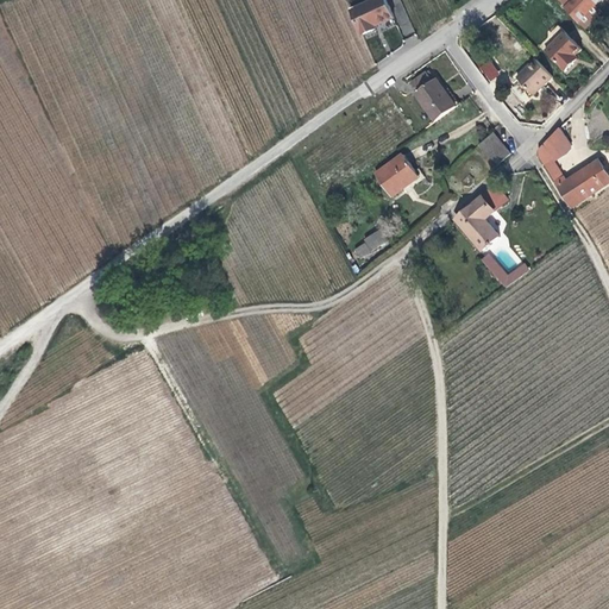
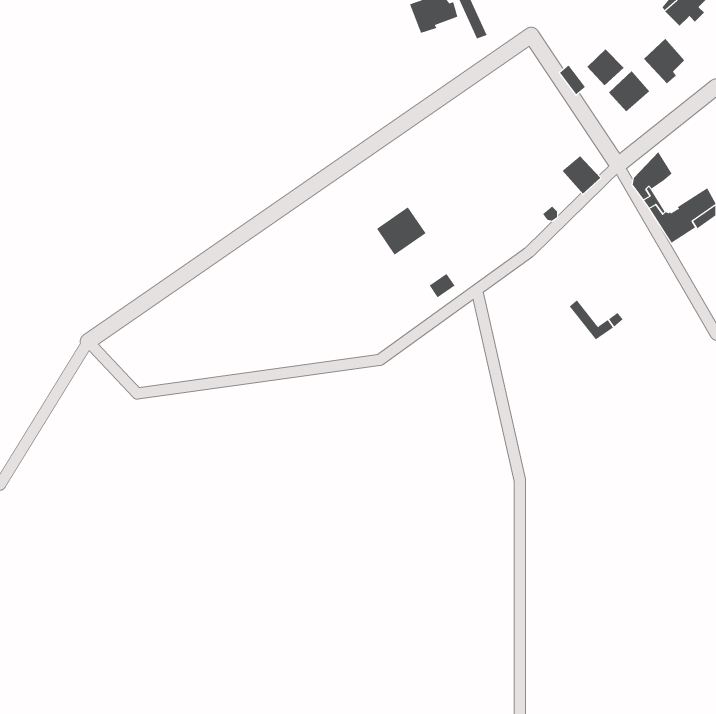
building: none -> [587,48,624,86]
building: [410,71,452,119] -> none
building: [373,152,416,194] -> [376,206,427,255]
building: [456,187,507,252] -> none

